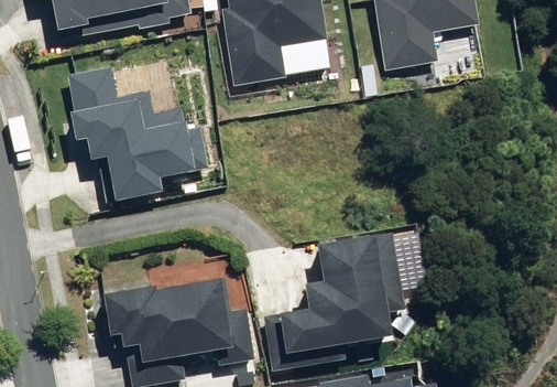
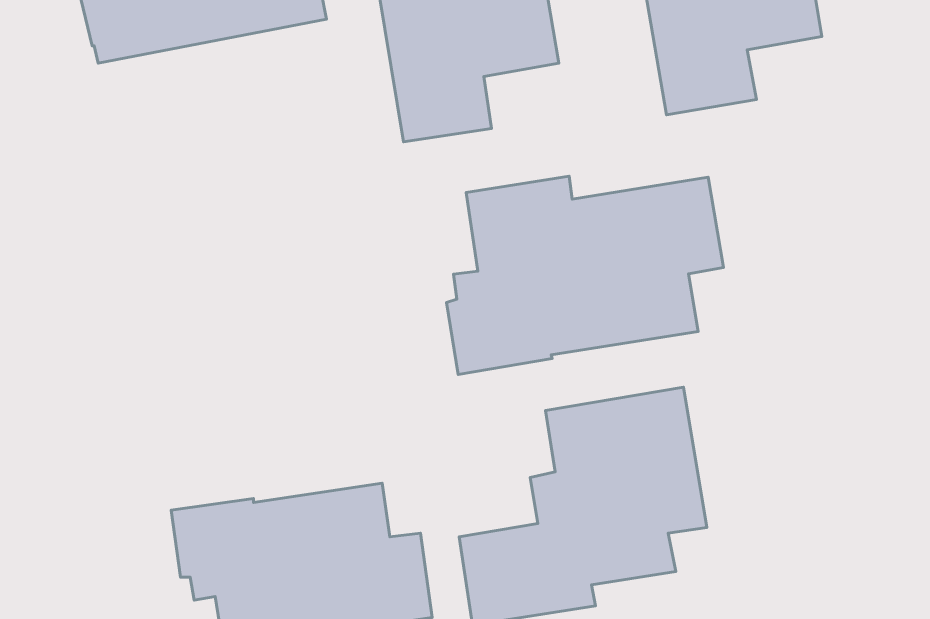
building: [76,74,205,197] -> none
building: none -> [446,176,724,374]

